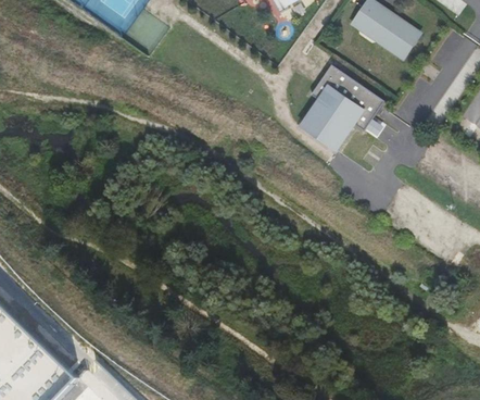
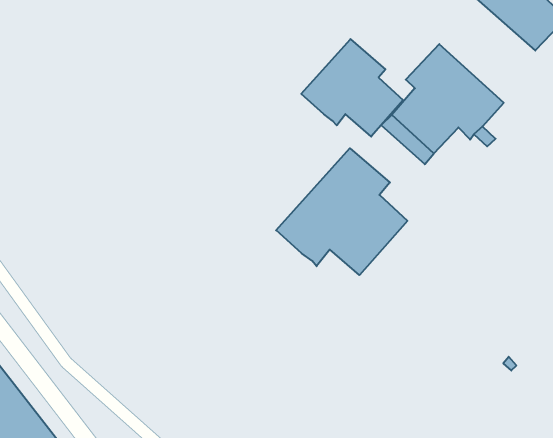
building: none -> [301,39,403,137]
building: none -> [276,148,407,275]

